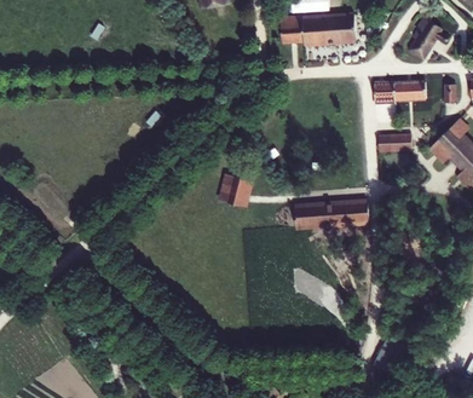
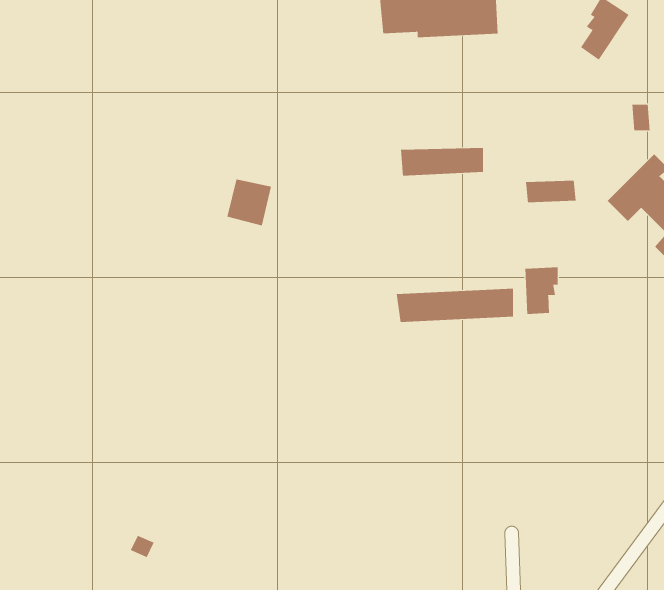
building: [370,83,423,102] -> [400,148,484,176]
building: [224,175,253,206] -> [226,179,272,226]
building: none -> [525,266,558,315]

